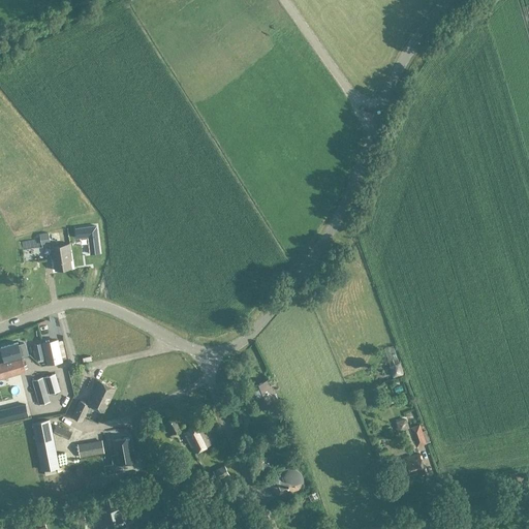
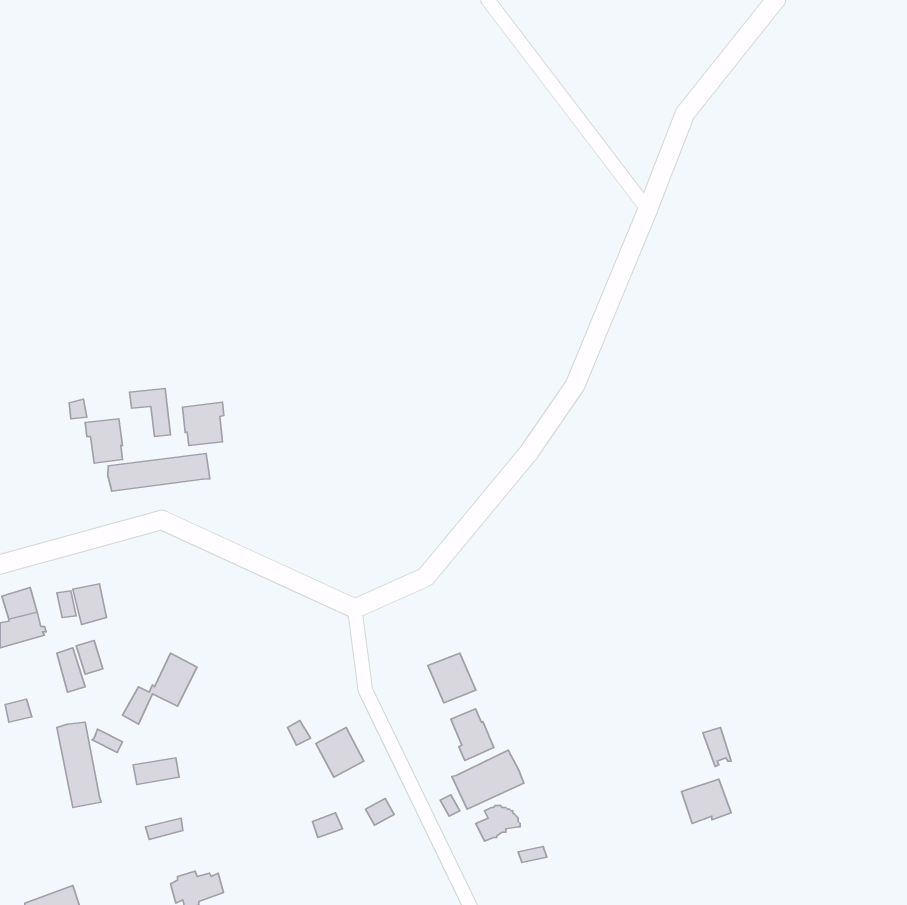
building: none -> [183,402,224,446]
building: none -> [108,454,210,491]
building: none -> [451,709,494,761]
building: none -> [452,750,524,809]
building: [105,438,134,475] -> none

